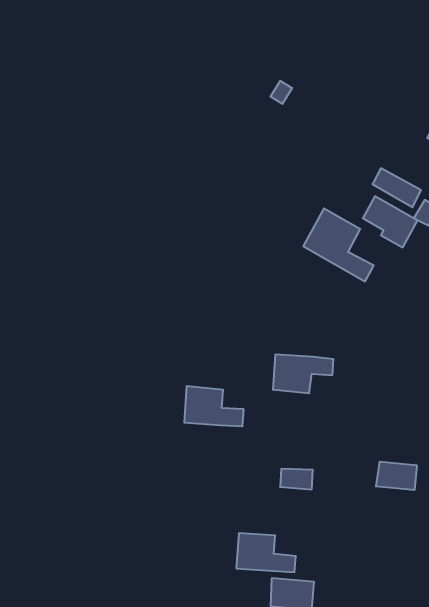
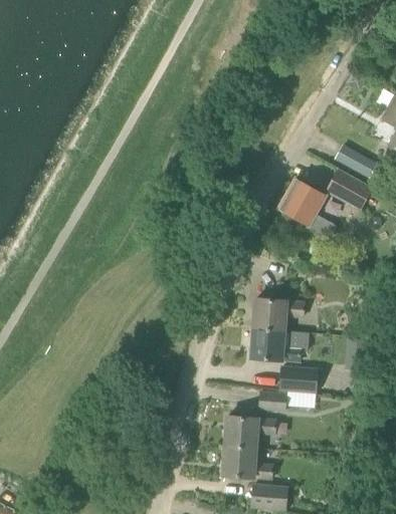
building: [184,386,244,426] -> [251,327,301,360]
building: [376,462,417,490] -> [278,367,313,391]
building: none -> [225,416,275,448]

